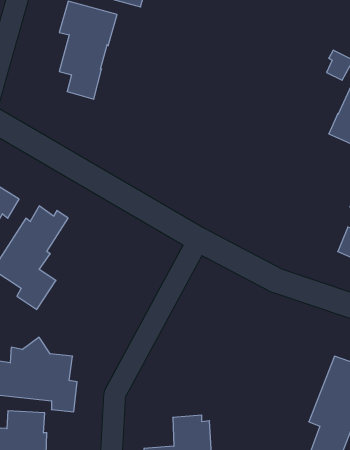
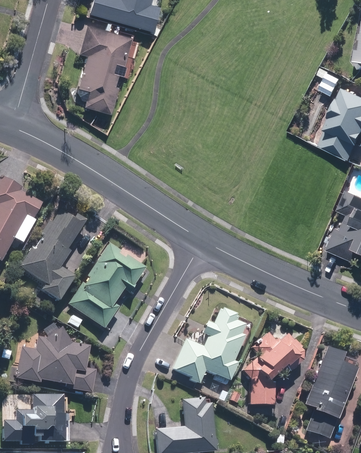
building: none -> [67,243,145,330]
building: none -> [171,308,252,385]
building: none -> [241,332,303,406]

